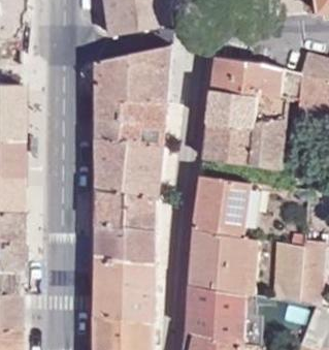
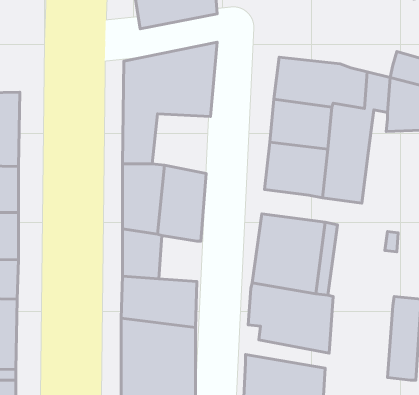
building: [121,100,165,146] -> none
building: [126,193,155,228] -> none
building: [274,243,304,301] -> none
building: [192,261,256,295] -> none

